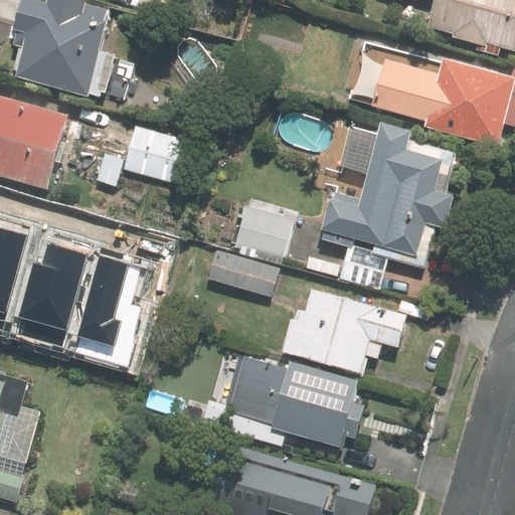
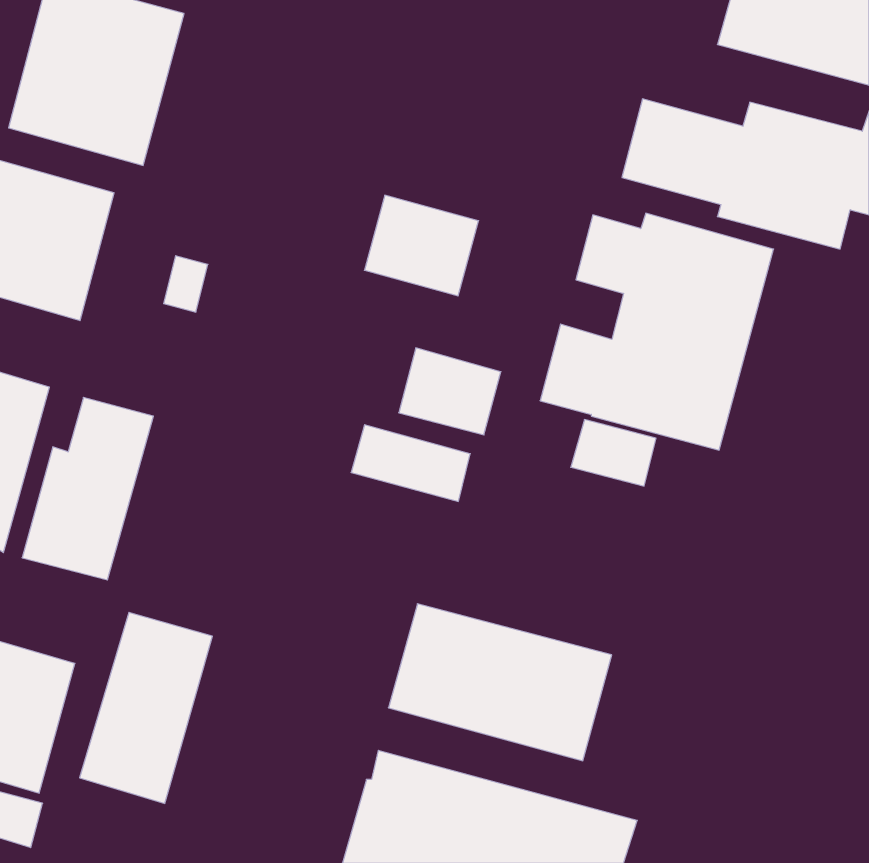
building: [123,125,190,184] -> [364,195,479,296]
building: [72,243,151,356] -> [80,612,212,803]
building: [283,288,403,374] -> none

